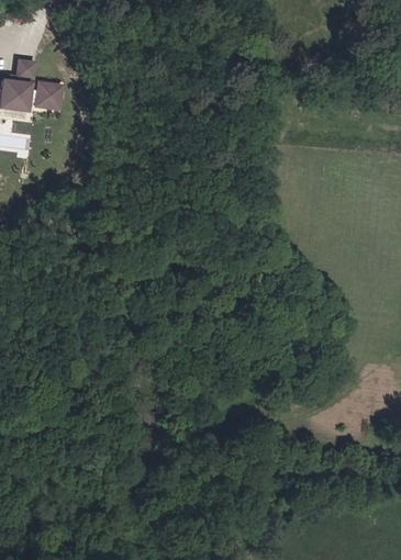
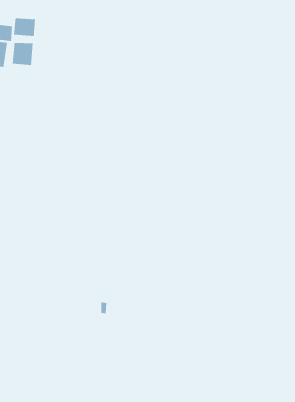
building: none -> [13,17,35,37]

